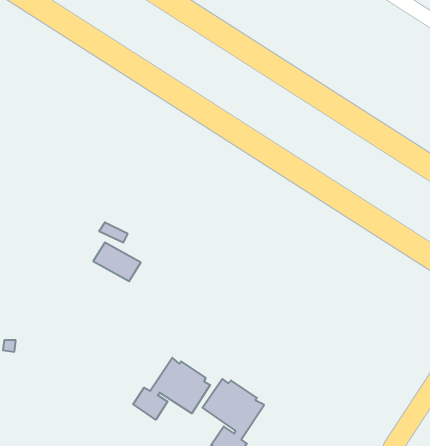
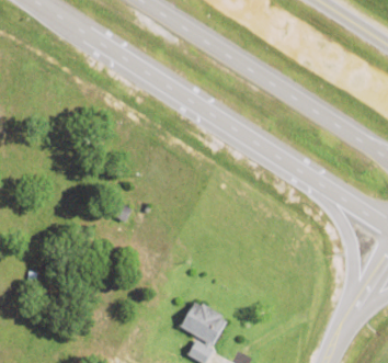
building: [133,358,210,420] -> none

